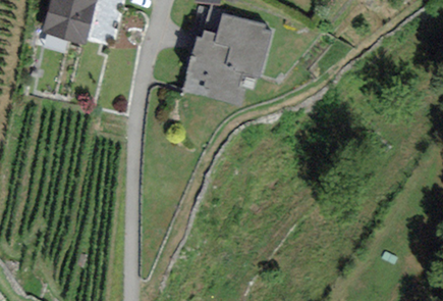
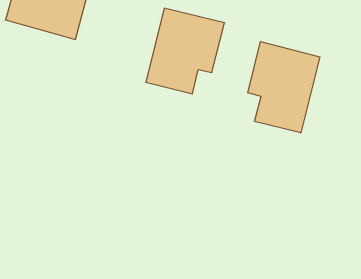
building: none -> [248,42,320,133]

